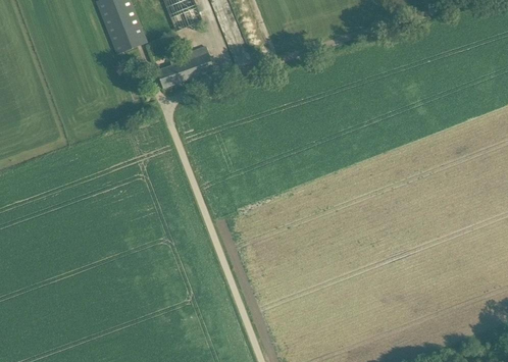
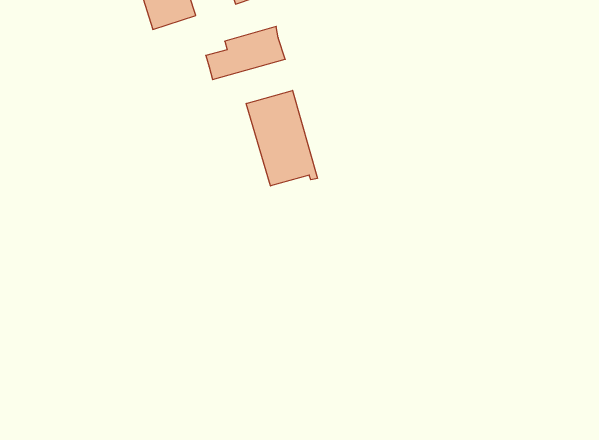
building: none -> [246,90,317,186]

